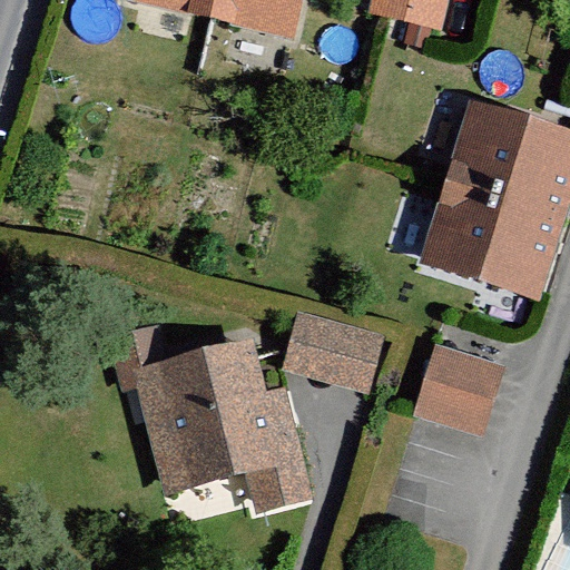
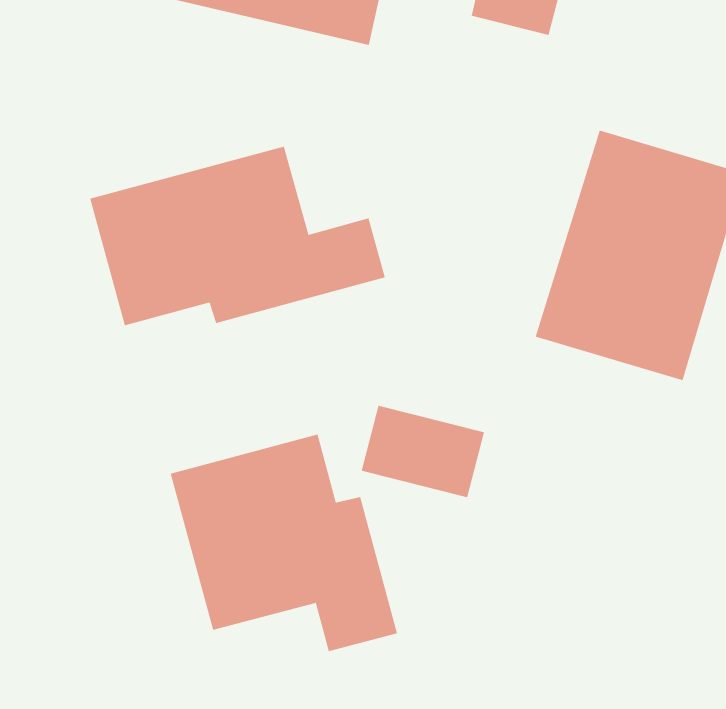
building: none -> [89,146,386,326]
building: [419,344,494,422] -> none

